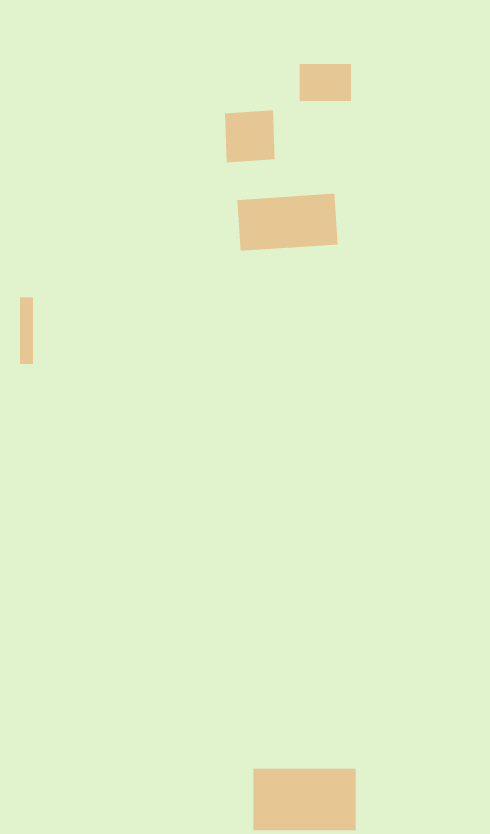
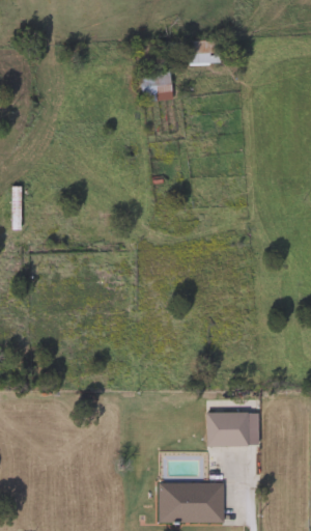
building: [237,193,338,252] -> none
building: none -> [207,412,259,446]

